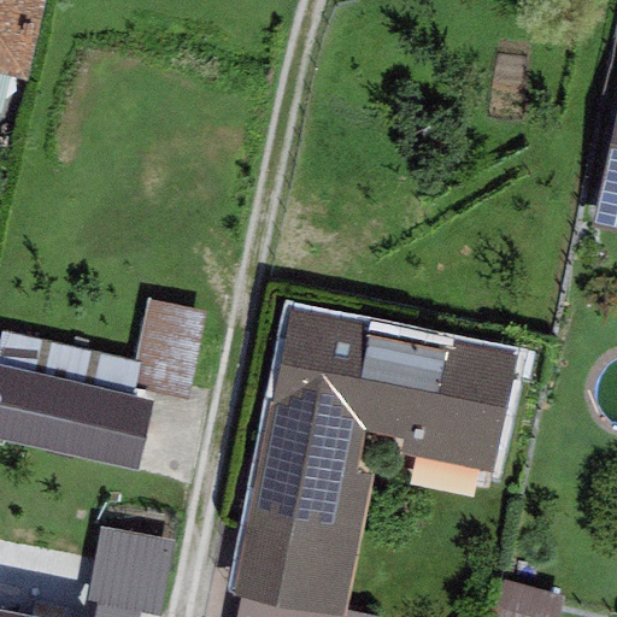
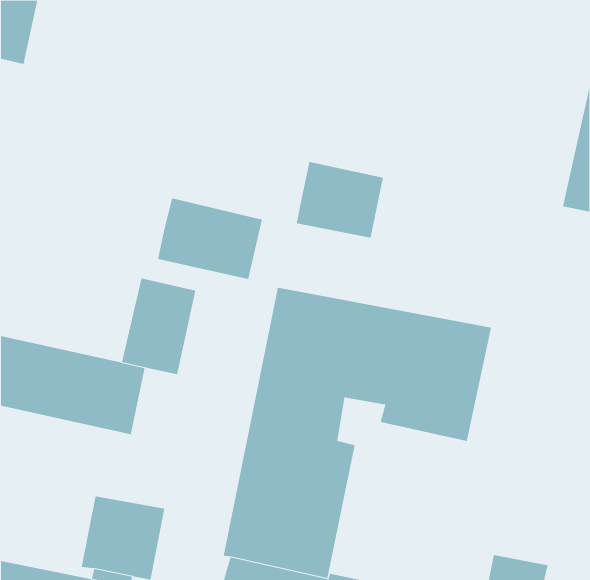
building: none -> [296,161,383,239]
building: none -> [157,197,263,280]

